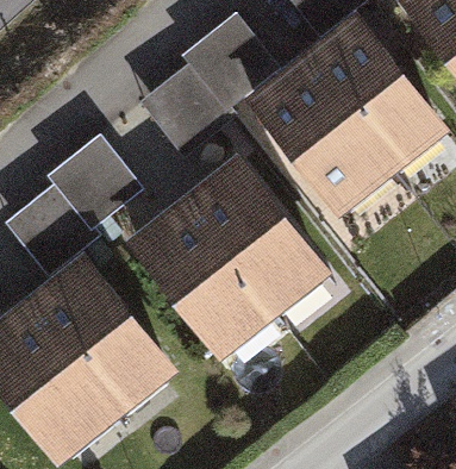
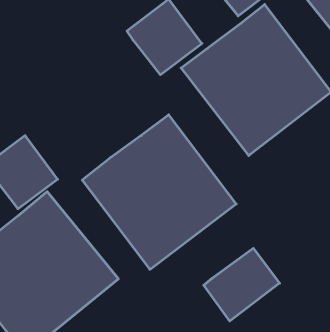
building: [144,67,235,158] -> none
building: [51,137,146,232] -> none
building: none -> [204,248,280,321]

